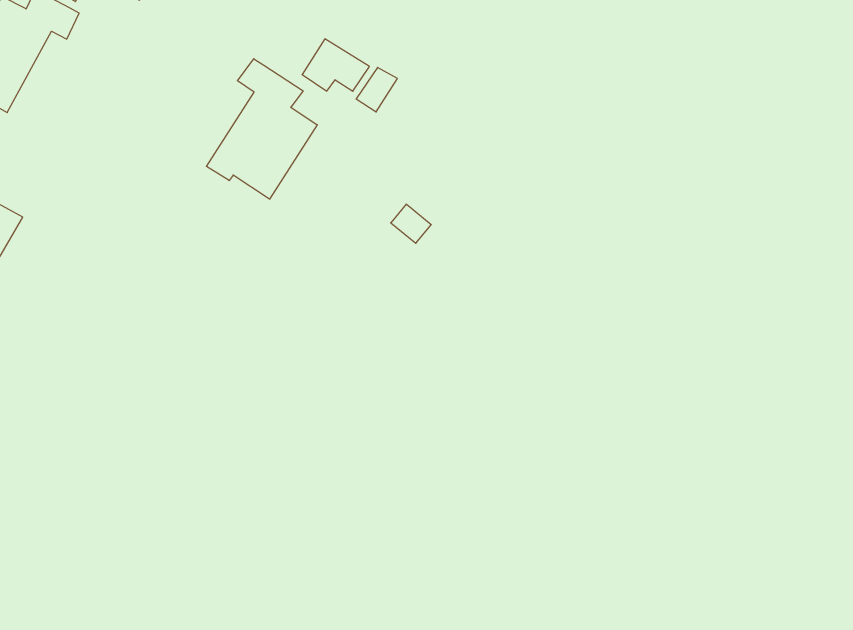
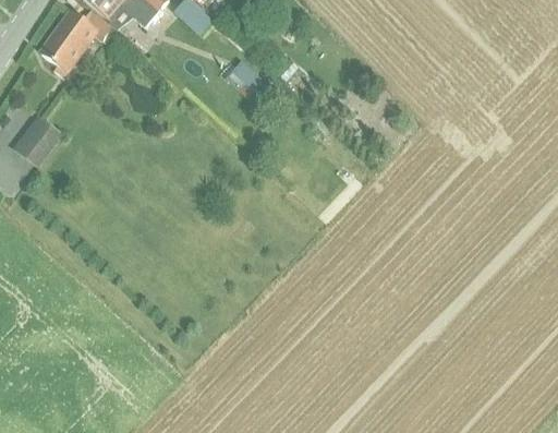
building: [206,59,317,199] -> none

